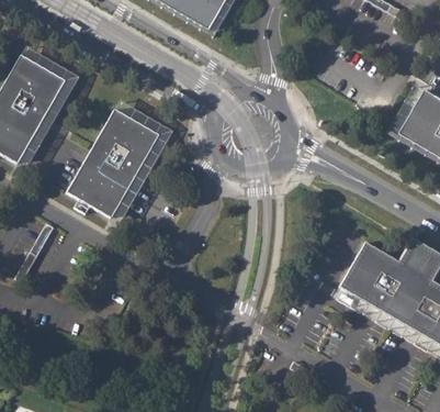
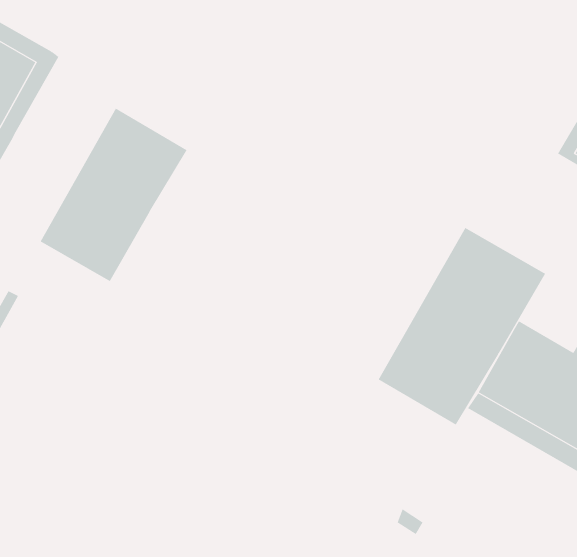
building: [111,99,173,222] -> none
building: none -> [378,227,546,425]

